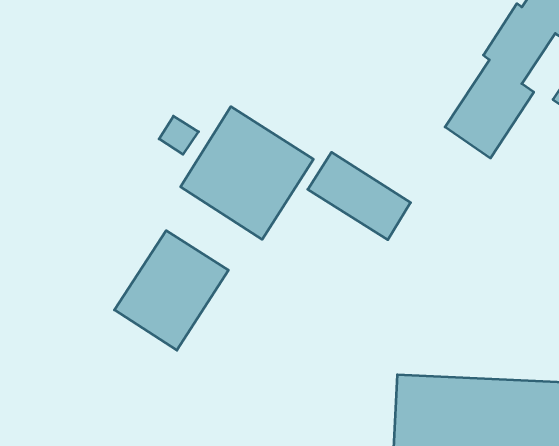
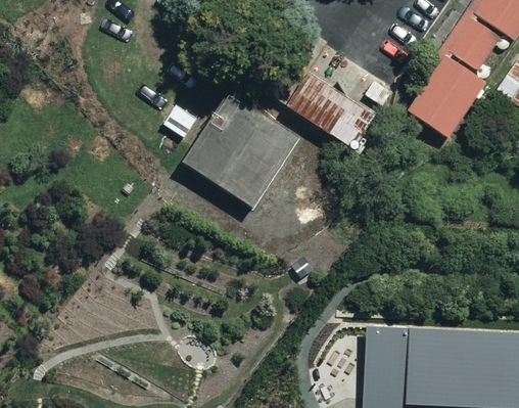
building: [308,152,411,240] -> [286,74,374,148]
building: [114,231,228,350] -> none

